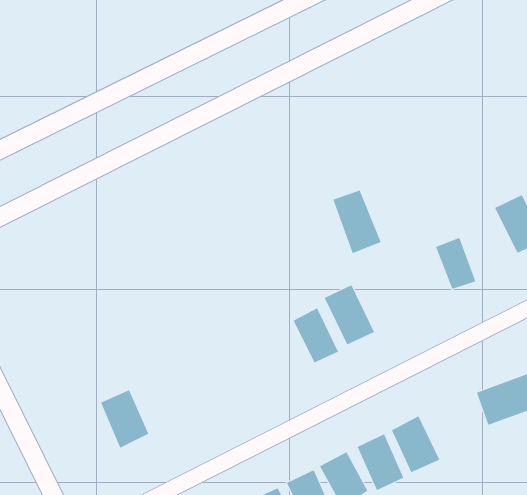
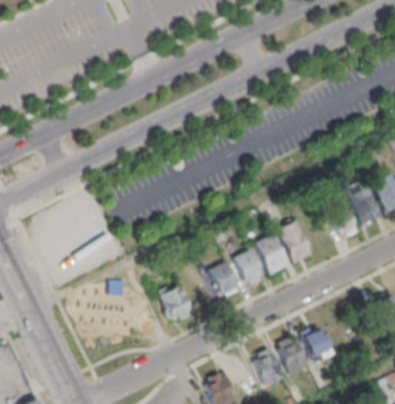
building: [332,190,382,254] -> [279,219,313,263]
building: none -> [348,183,379,225]
building: none -> [209,260,240,296]
building: [100,390,149,448] -> [159,282,192,322]

